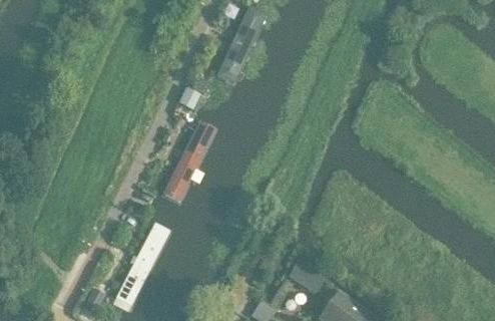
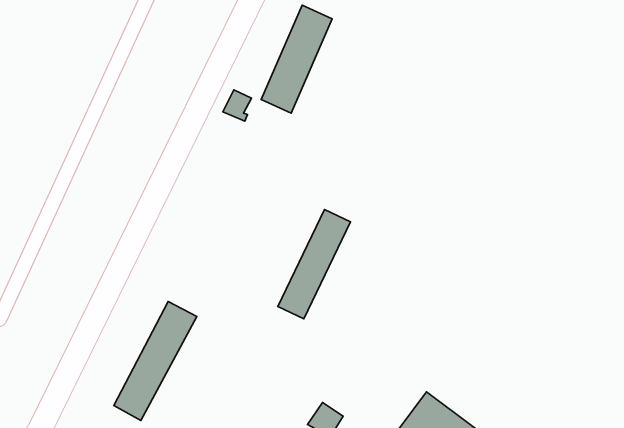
building: [163,124,216,205] -> [278,210,350,319]
building: [287,258,327,294] -> none

